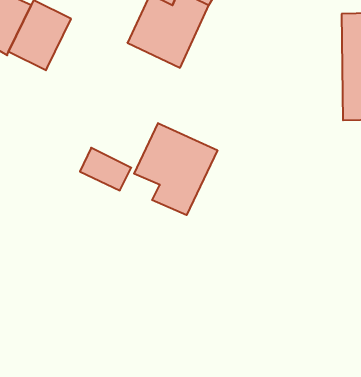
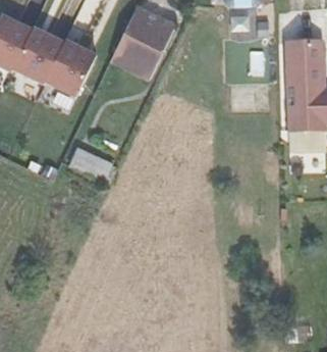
building: none -> [46,42,98,99]
building: [134,123,217,215] -> none

